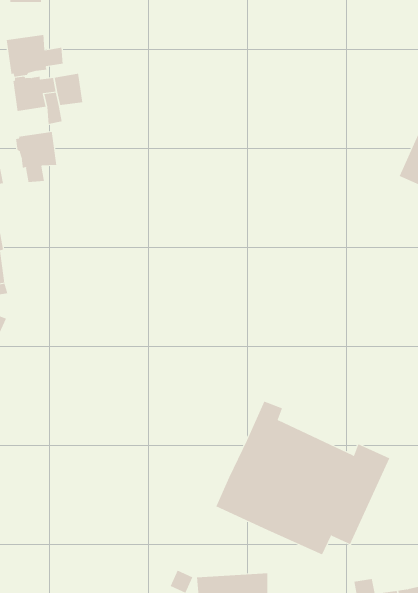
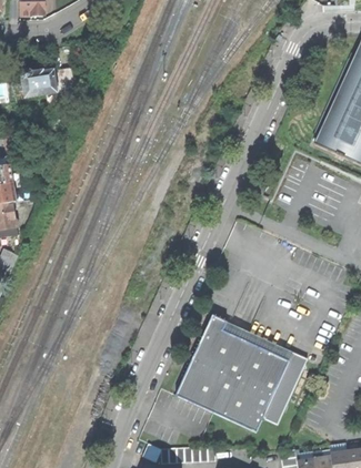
building: [6,34,63,78] -> none
building: [16,131,57,183] -> none

